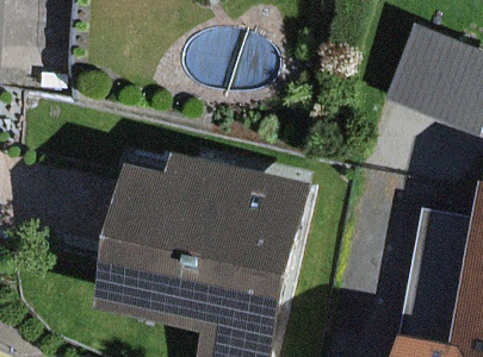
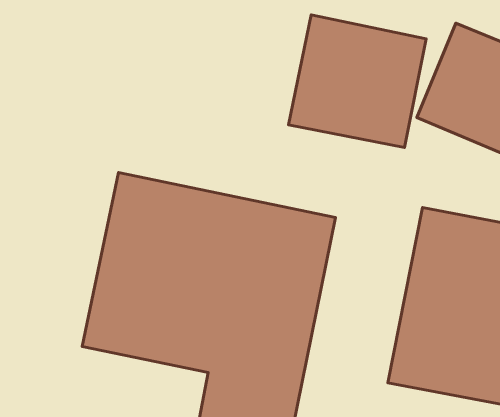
building: none -> [288,15,426,148]

